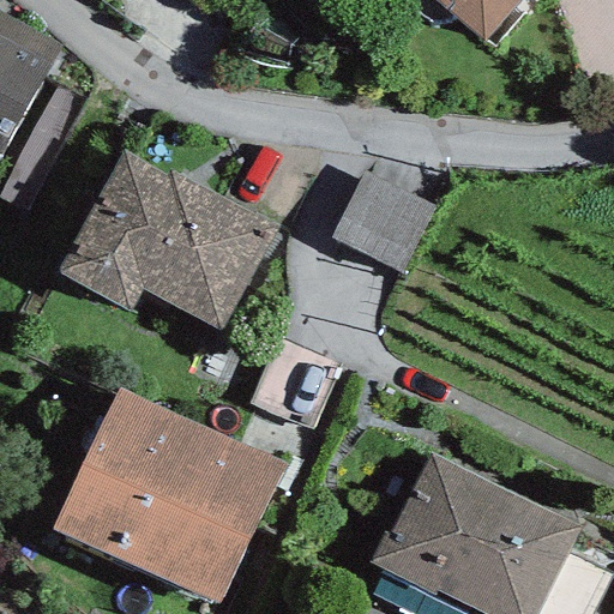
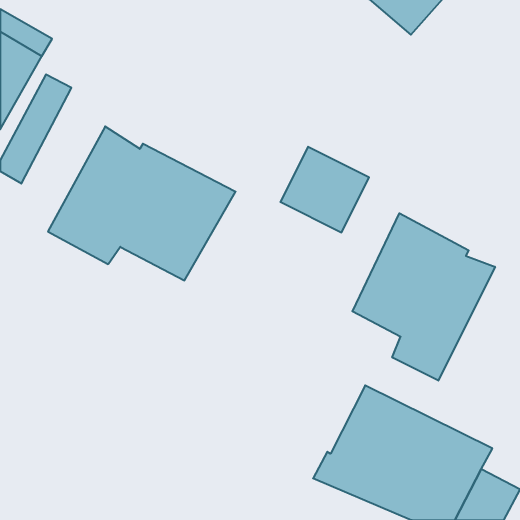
building: none -> [352,213,495,381]
building: [52,387,285,603] -> none

